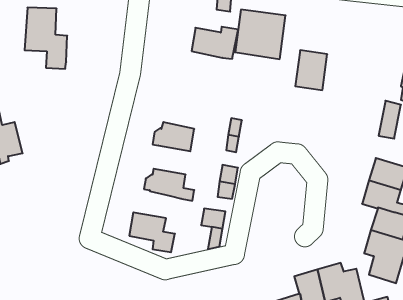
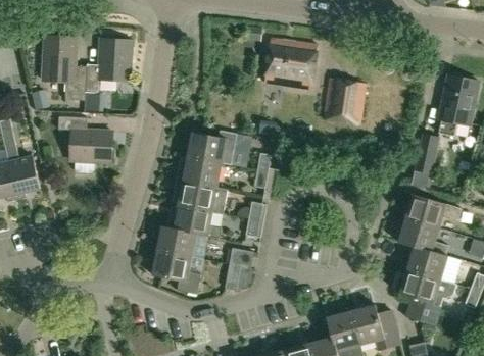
building: none -> [87,38,132,93]
building: [192,27,238,59] -> [189,131,238,164]
building: none -> [60,118,112,173]
building: none -> [175,180,229,213]
building: none -> [154,225,196,257]

